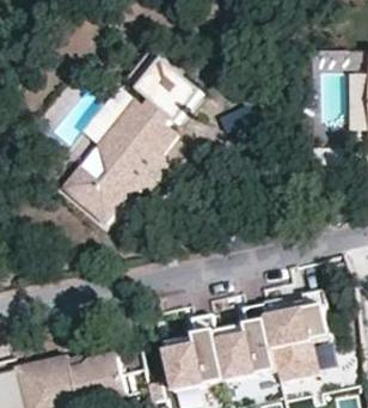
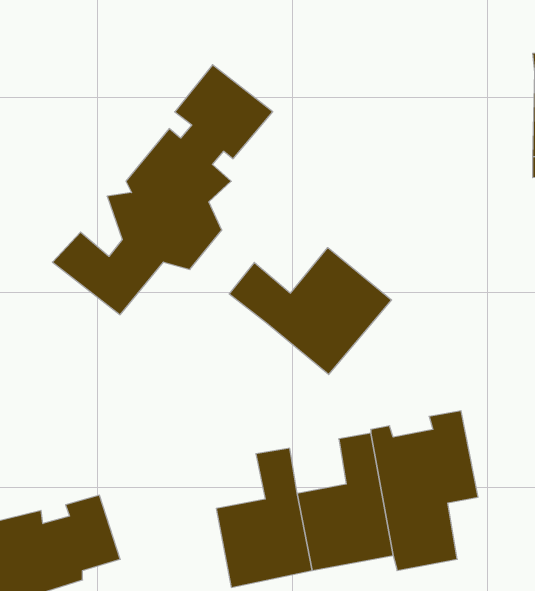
building: none -> [229,248,392,375]

